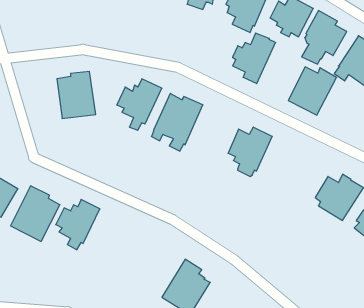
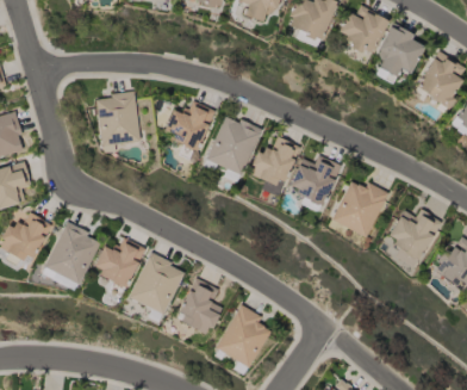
building: [233,33,276,84] -> [251,138,300,196]
building: [288,67,337,115] -> [332,182,387,237]
building: none -> [127,253,185,316]
building: none -> [178,279,222,335]

